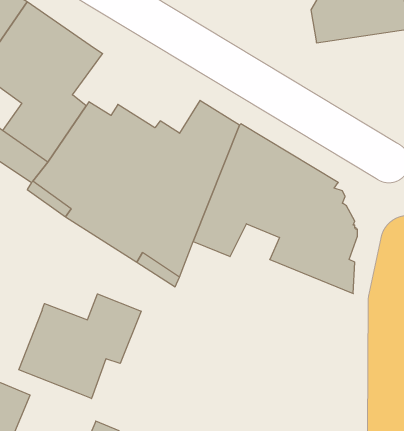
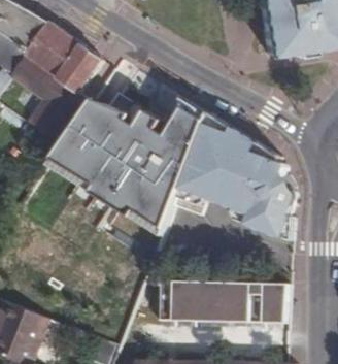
building: [19,294,141,399] -> none
building: none -> [164,279,290,322]

